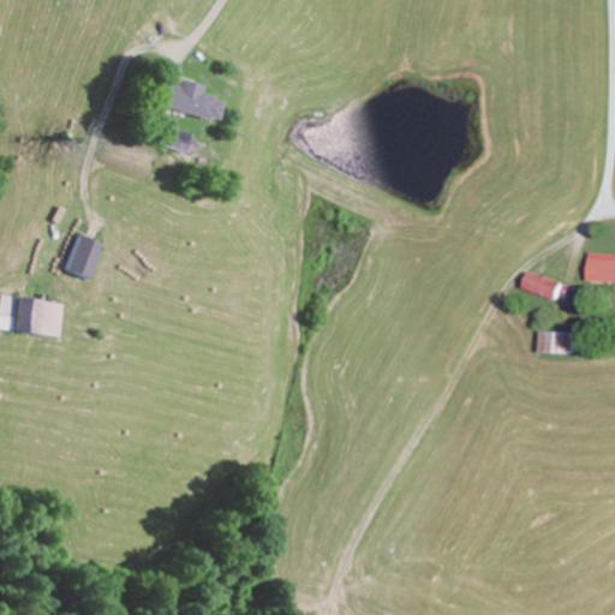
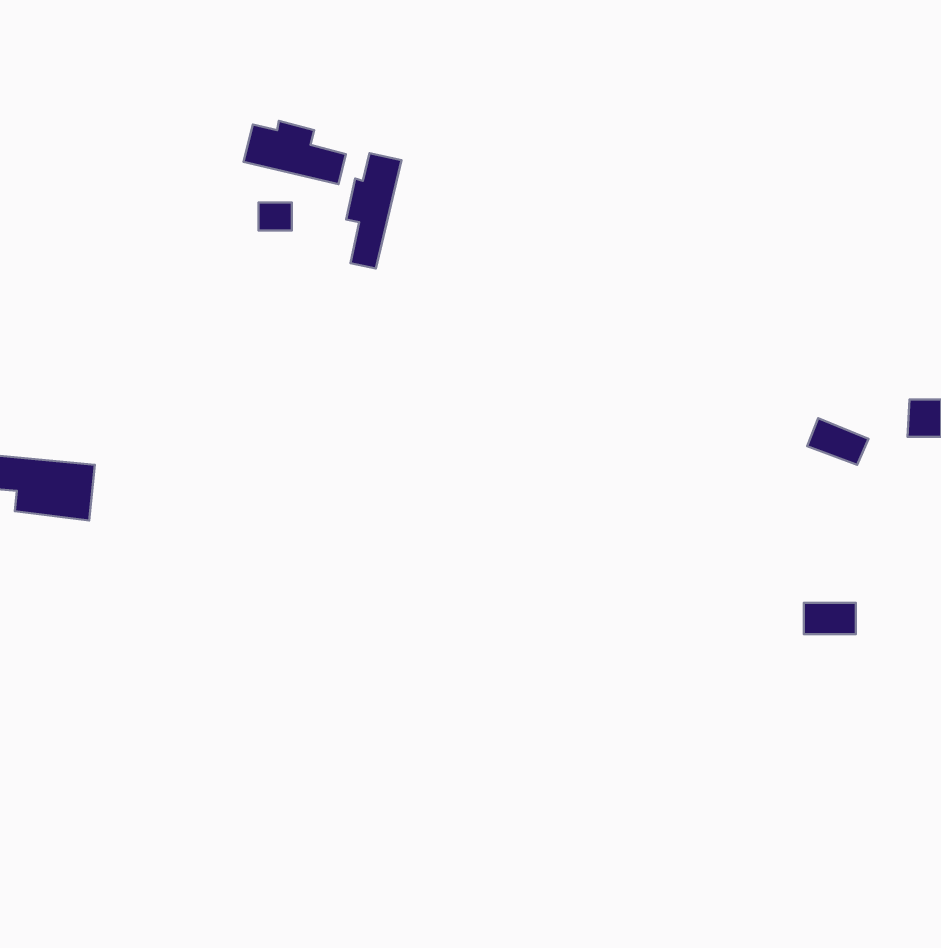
building: none -> [346,153,401,269]
building: [64,233,103,279] -> none
building: [539,332,573,352] -> [804,603,856,634]

